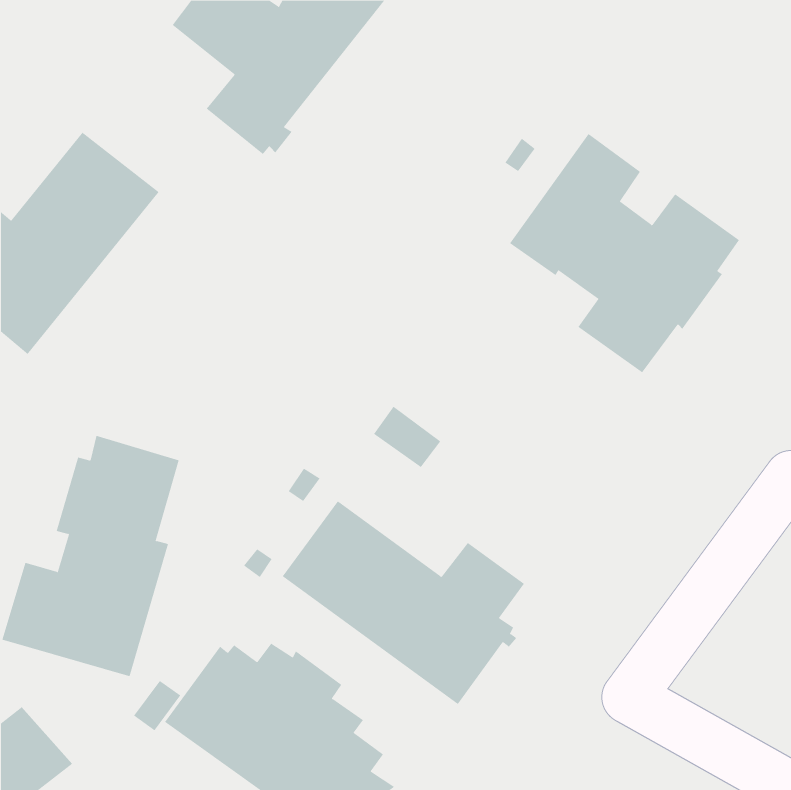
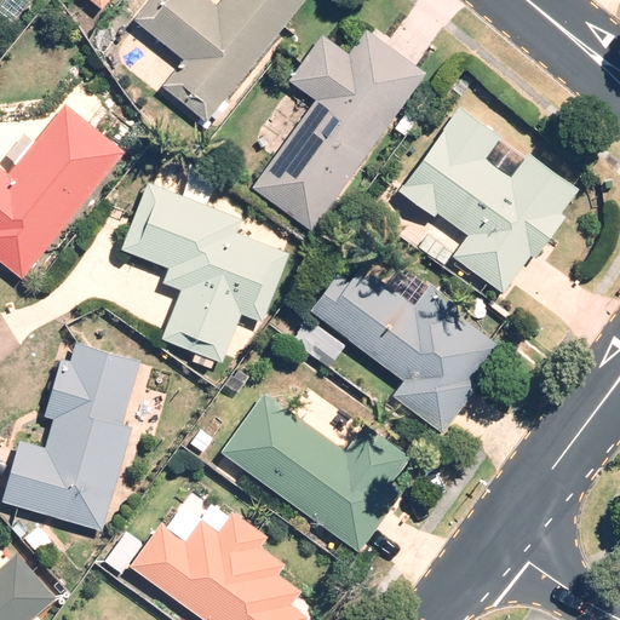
building: none -> [252,30,426,231]
building: none -> [121,182,289,368]
building: none -> [308,265,500,434]

